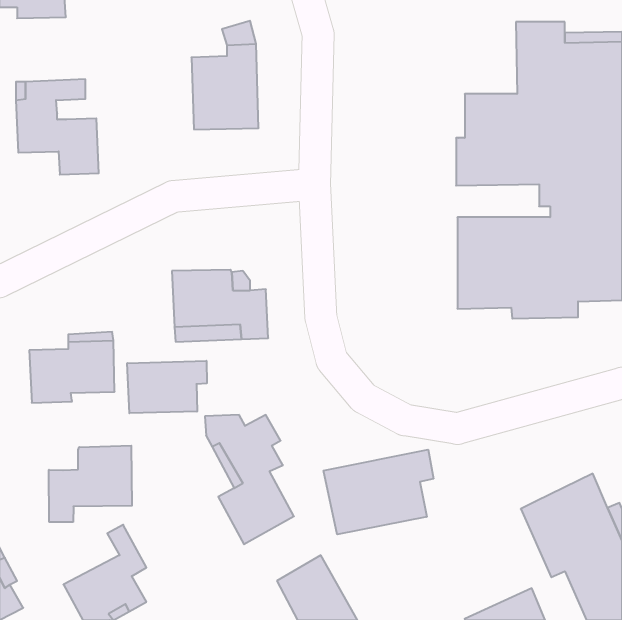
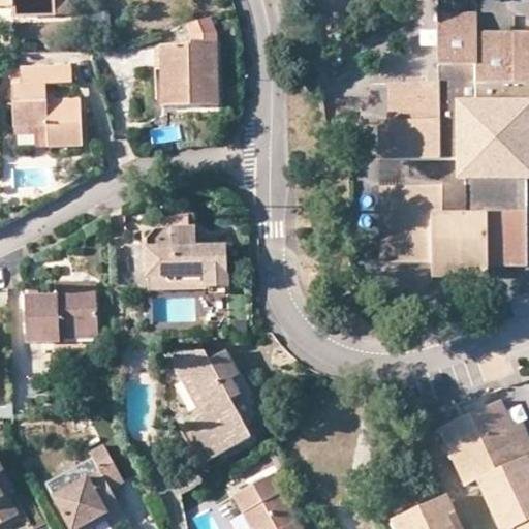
building: [127,361,207,413] -> none
building: [49,446,132,522] -> none
building: [324,450,433,534] -> none

